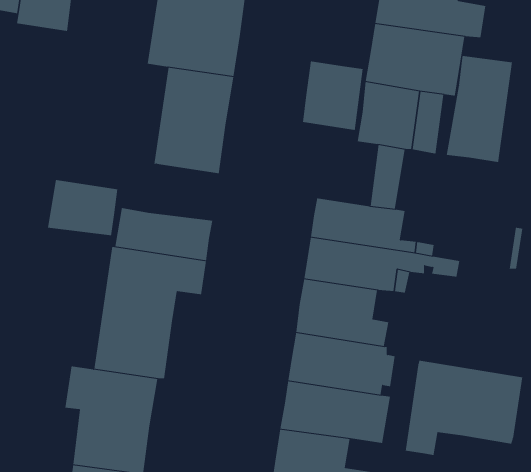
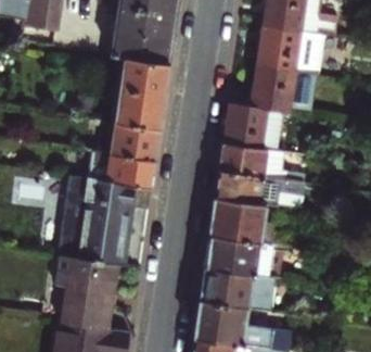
building: [446,55,512,163] -> none
building: [302,61,364,130] -> [223,102,265,149]
building: [47,179,118,236] -> [111,121,158,159]
building: [405,360,523,456] -> none

